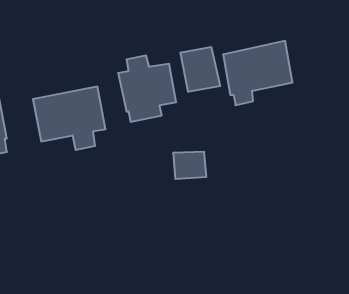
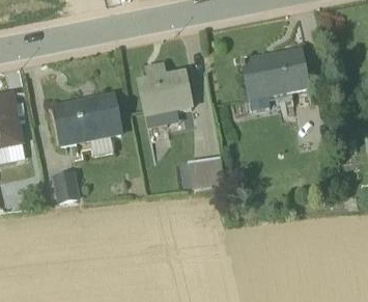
building: [180,47,220,92] -> none
building: none -> [52,169,81,201]

